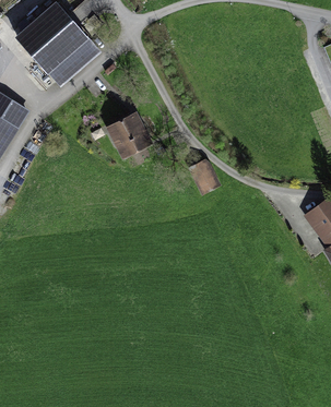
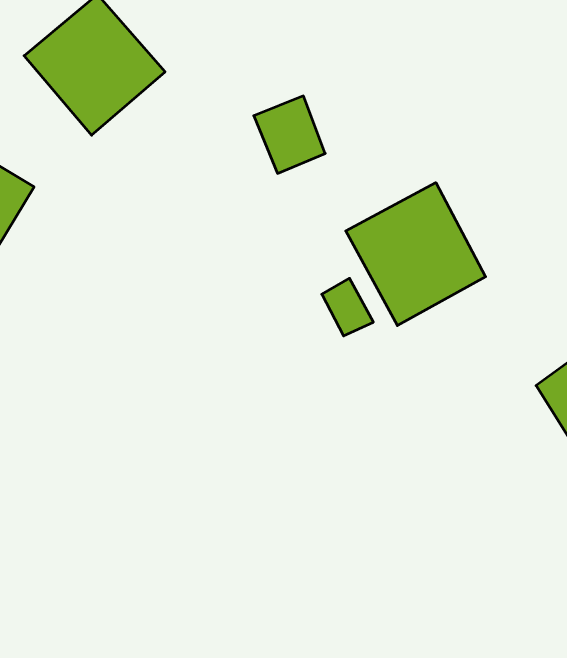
building: none -> [346,183,486,326]
building: [111,116,151,158] -> [254,96,325,173]

